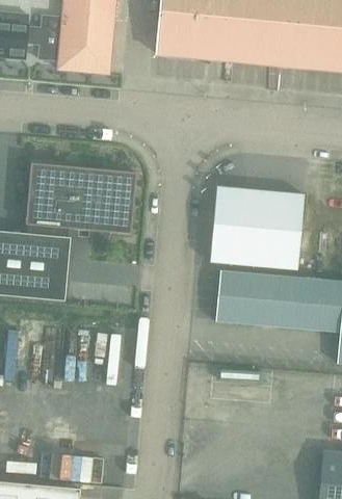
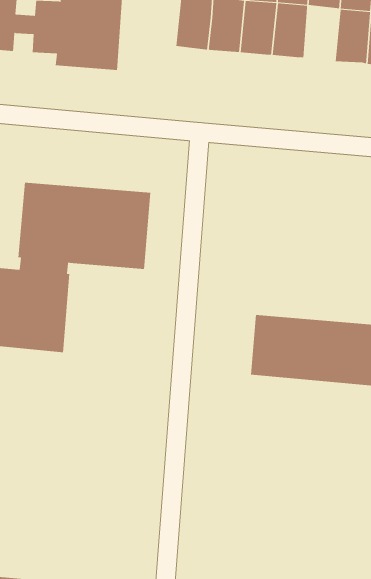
building: [259,20,288,65] -> none
building: [209,187,302,269] -> none

